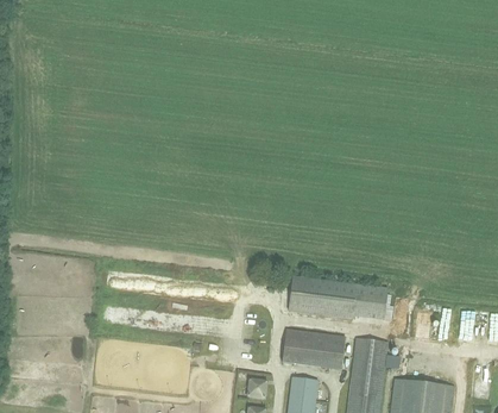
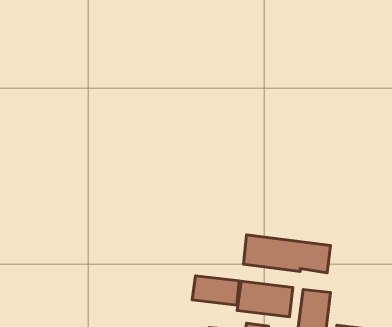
building: none -> [192,276,239,305]

